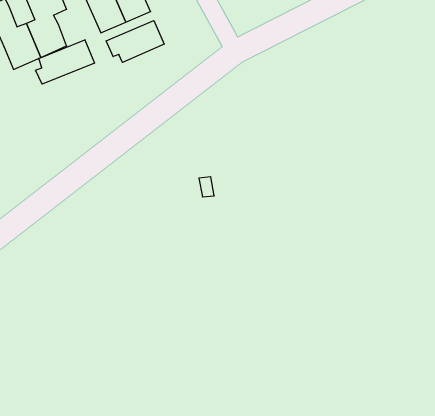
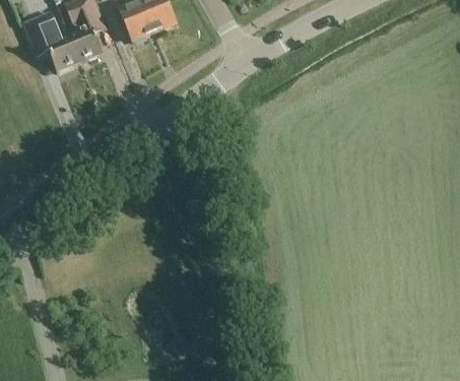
building: [106,21,164,62] -> none
building: [35,40,95,84] -> none

